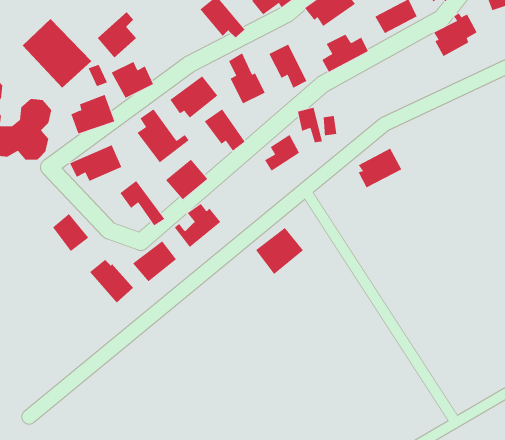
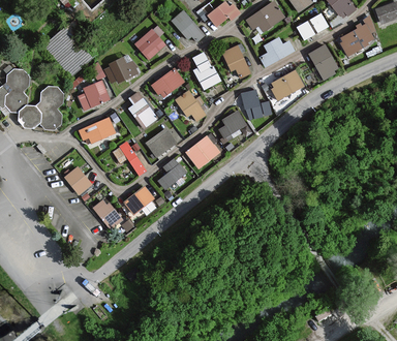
building: [97,11,137,58] -> [135,25,164,59]
building: none -> [310,44,340,79]
building: [358,148,402,188] -> [272,70,304,99]
building: [255,227,304,275] -> [185,136,220,171]

